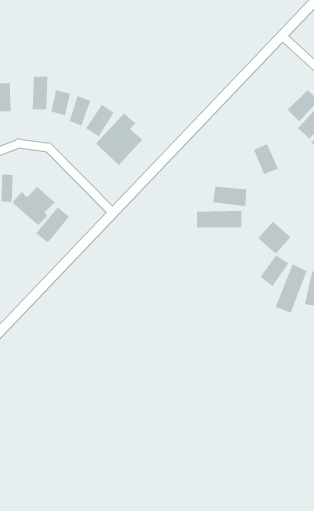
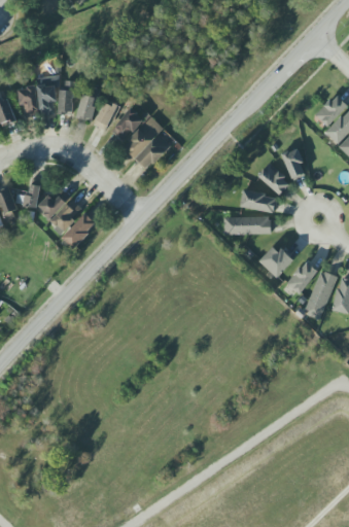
building: none -> [35,75,59,115]
building: none -> [256,164,290,195]
building: [257,221,291,254] -> [258,244,292,278]

